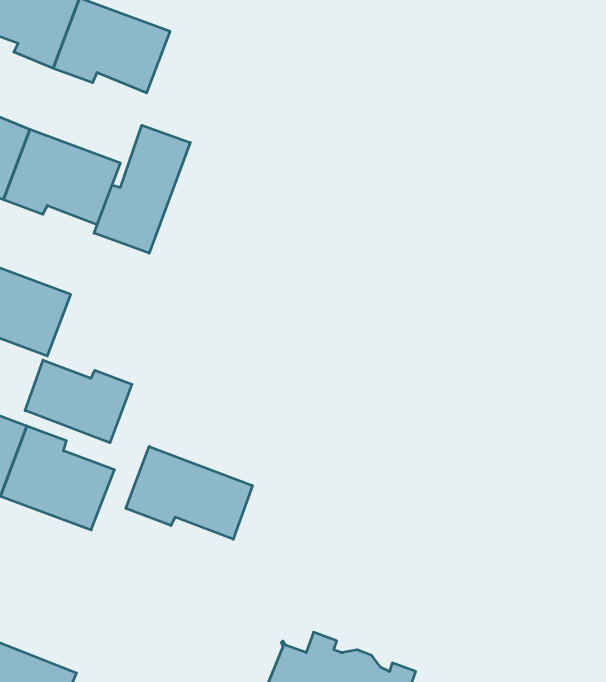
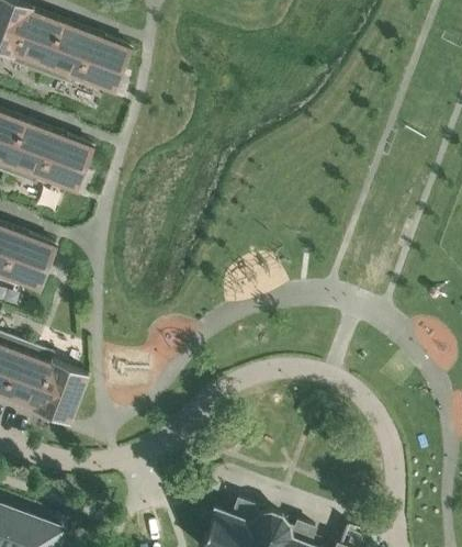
building: [94,125,190,253] -> none
building: [25,360,132,443] -> none
building: [126,446,252,539] -> none

